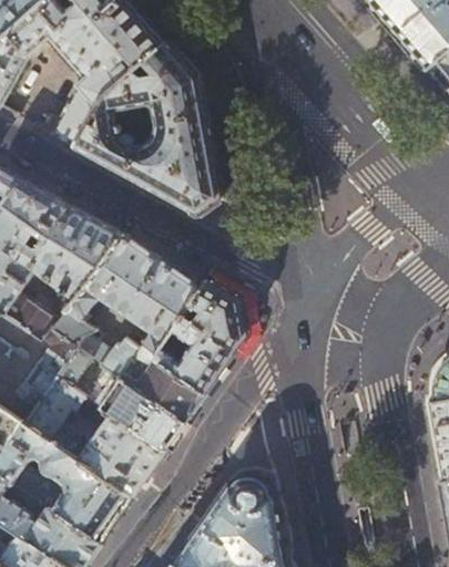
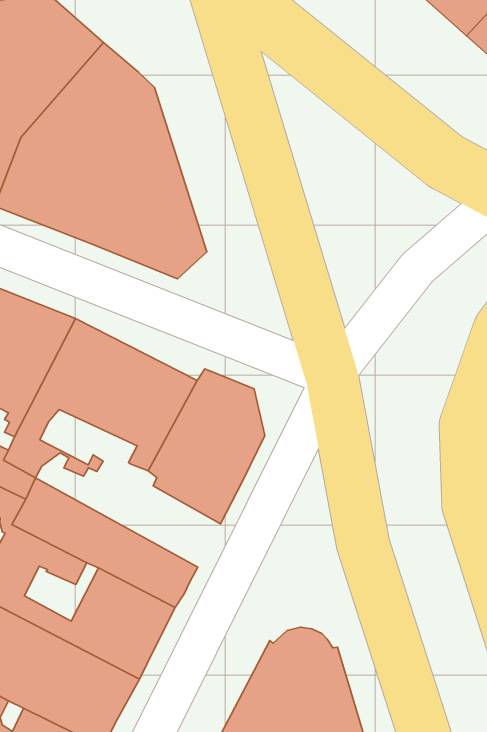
building: [75,328,203,422] -> none

